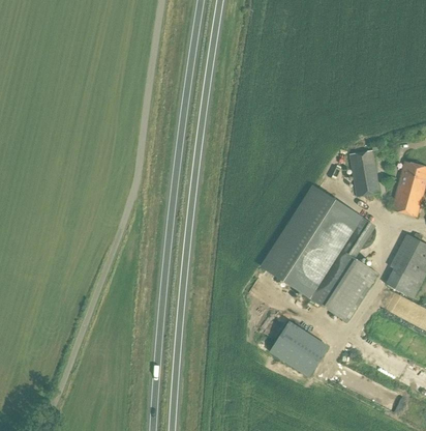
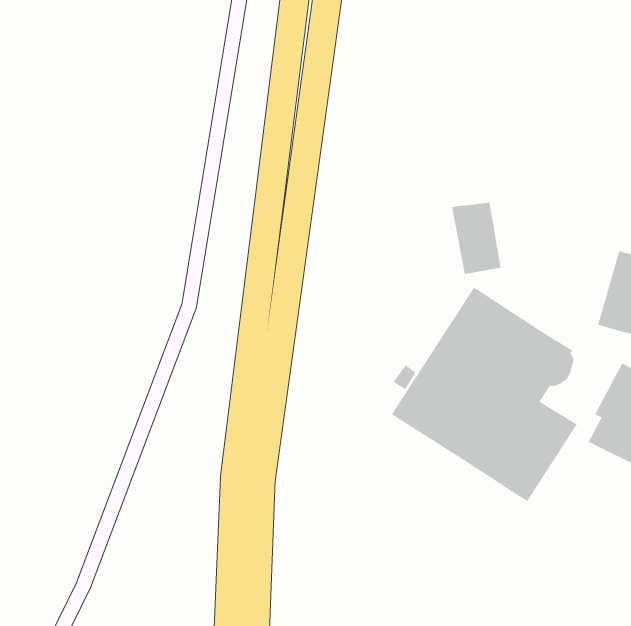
building: [348,150,381,197] -> [451,202,501,275]
building: [269,320,327,375] -> none

